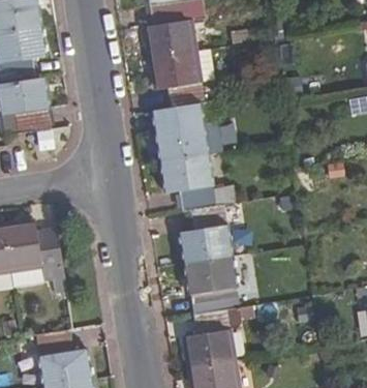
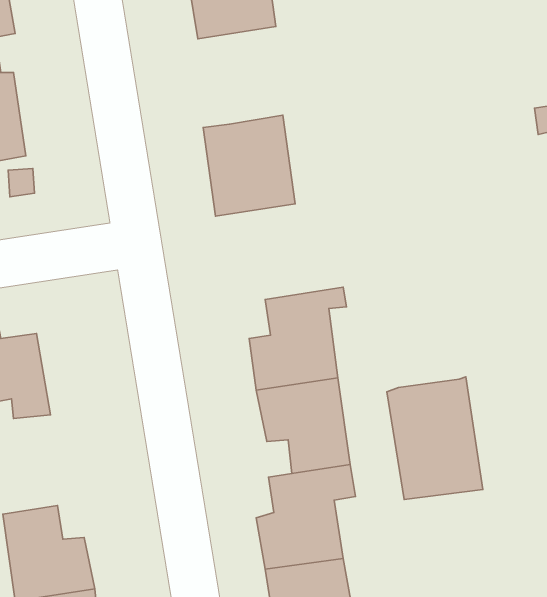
building: [151,51,205,108] -> none
building: [161,154,236,211] -> none
building: none -> [387,377,483,500]

